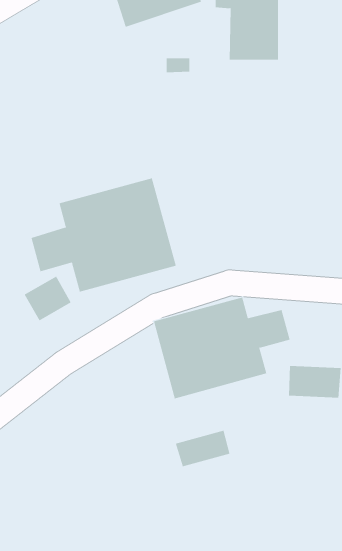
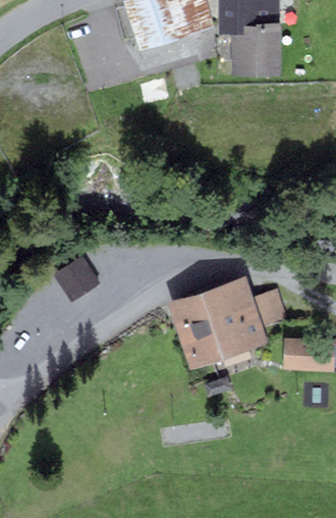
building: [31,177,177,293] -> none
building: [175,430,230,467] -> none

